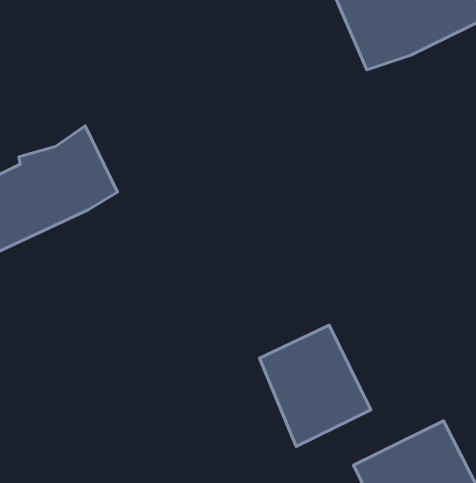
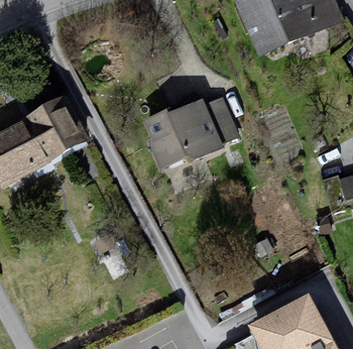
building: none -> [141,96,234,166]
building: [259,325,371,447] -> none

